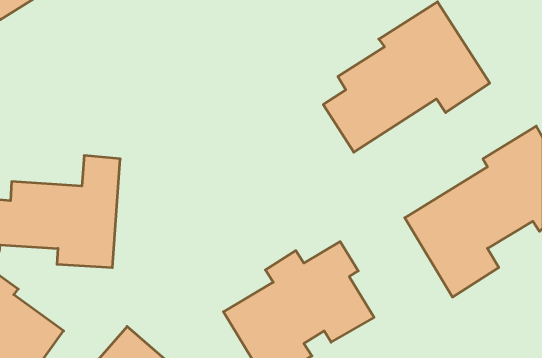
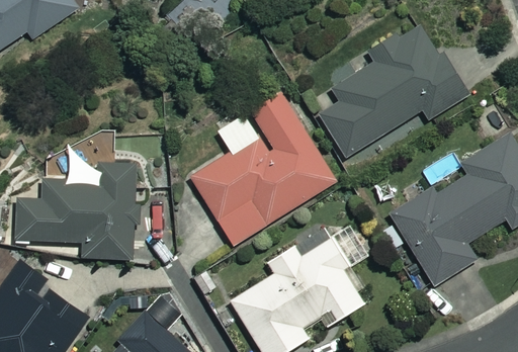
building: none -> [190,92,335,245]

